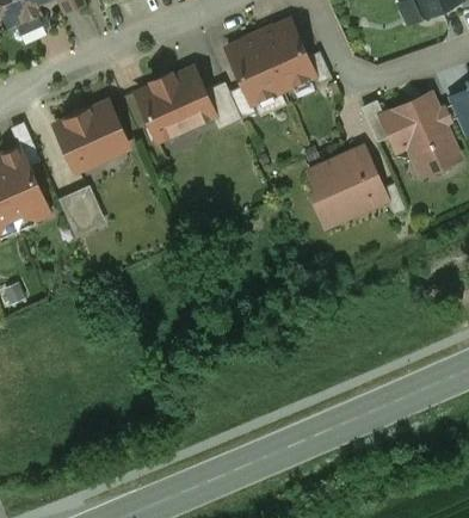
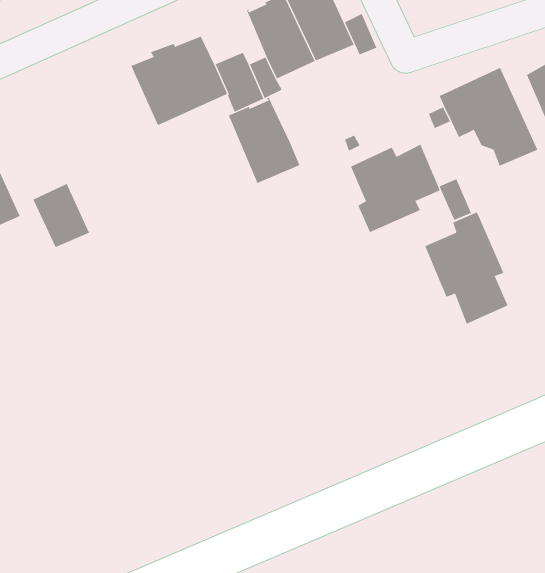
building: [57,103,124,169] -> none
building: none -> [228,97,300,184]
building: none -> [425,212,508,325]

